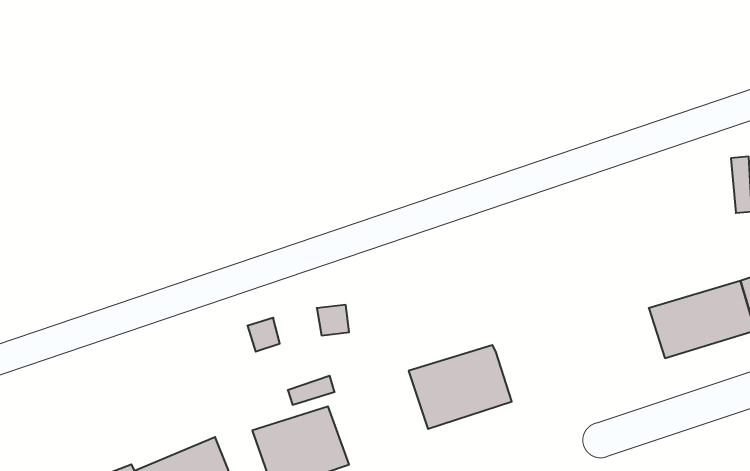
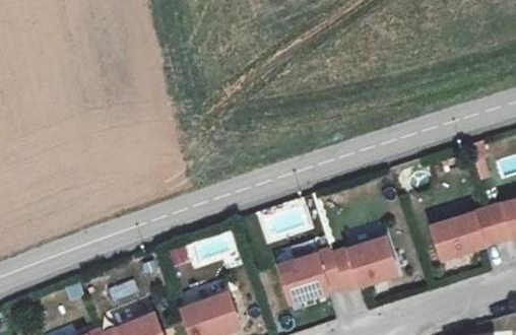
building: none -> [332,240,396,292]

